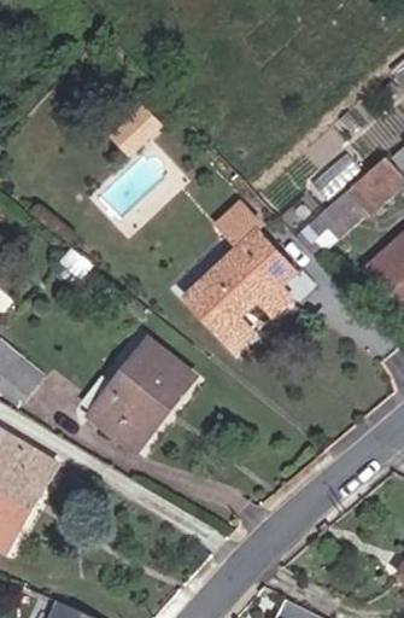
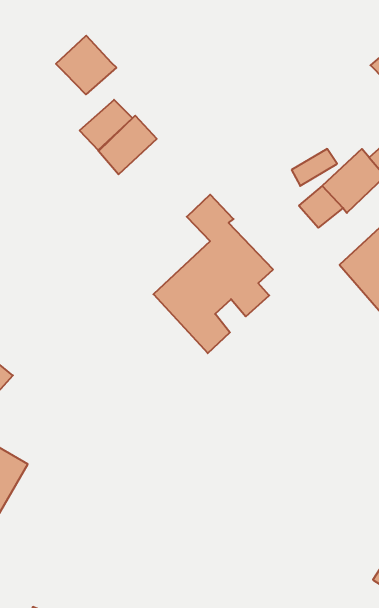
building: none -> [56,36,116,94]
building: none -> [98,116,157,174]
building: [81,333,197,456] -> none

